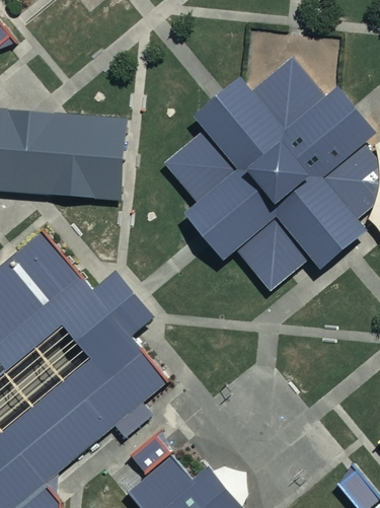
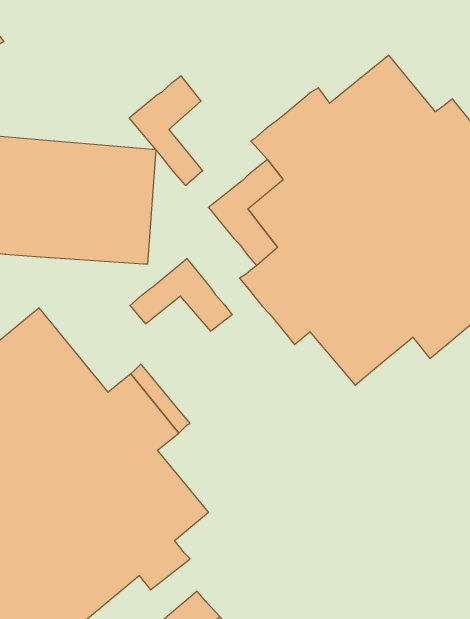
building: none -> [129,76,203,185]
building: none -> [130,259,232,331]

